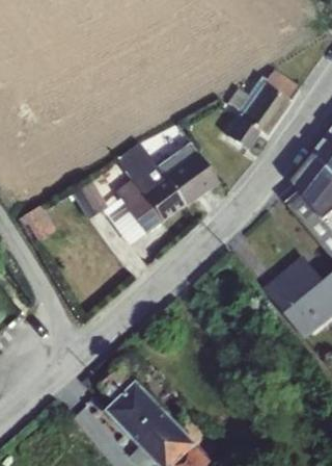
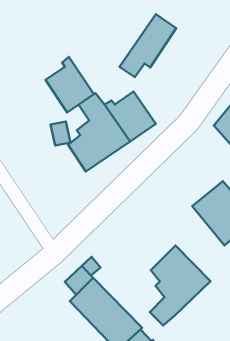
building: [226,68,299,149] -> [120,14,176,77]
building: none -> [45,57,94,112]
building: none -> [150,246,211,325]

